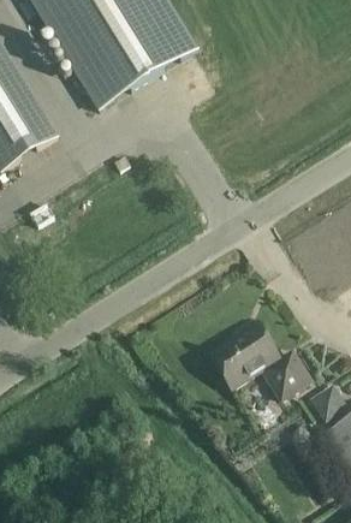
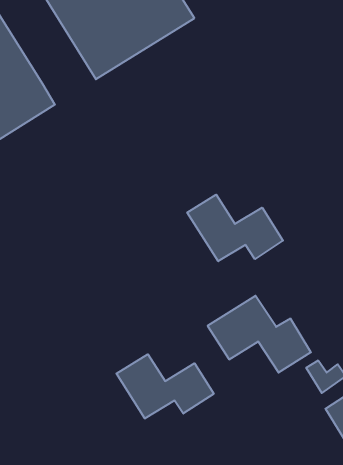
building: none -> [187,195,283,261]
building: none -> [116,354,214,419]

